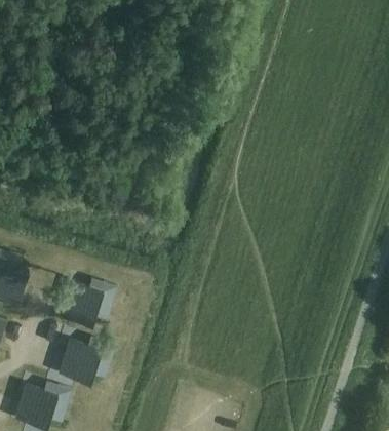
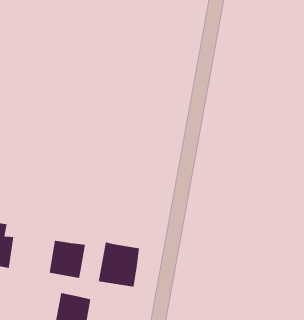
building: none -> [98,241,140,288]

